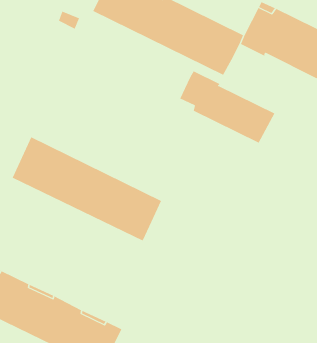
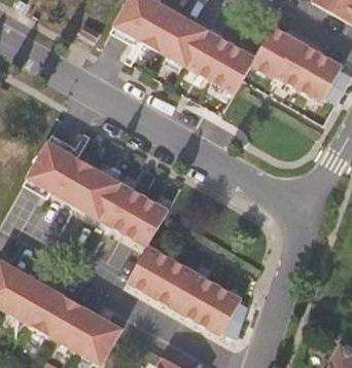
building: [180,71,275,144] -> none
building: none -> [127,246,242,336]

